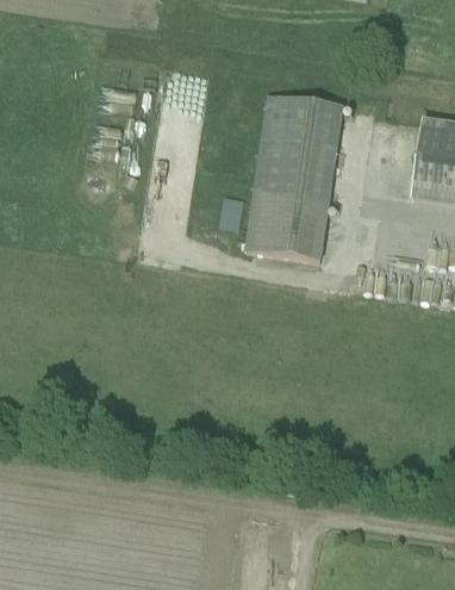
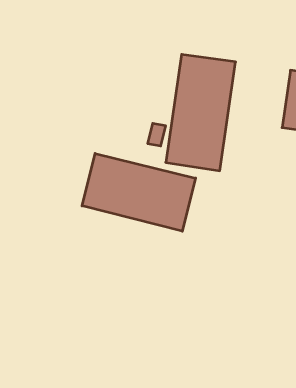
building: none -> [82,153,196,231]

